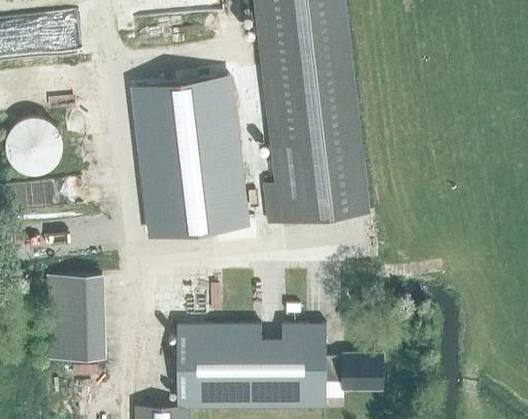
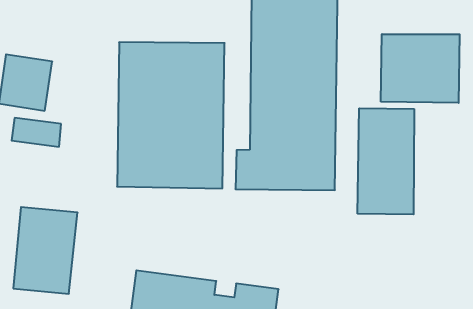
building: none -> [381,34,460,103]
building: none -> [358,108,414,214]

